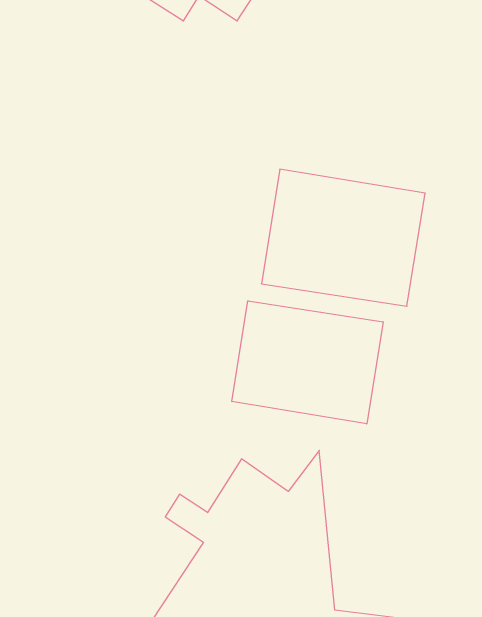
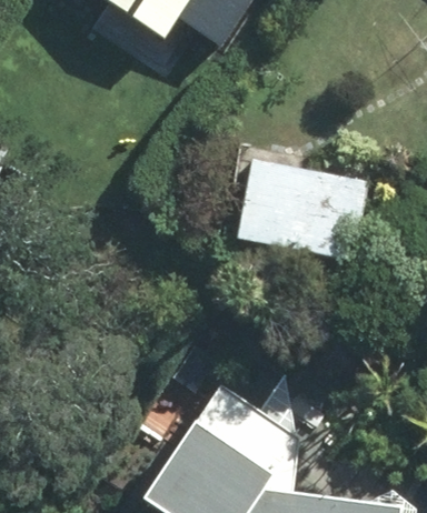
building: [232,301,383,424] -> none

